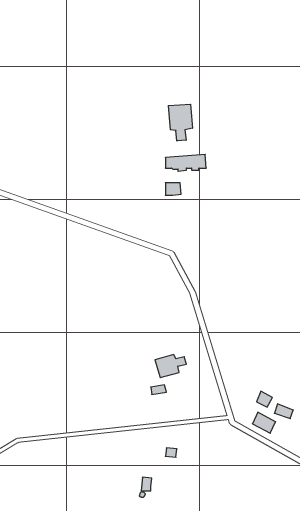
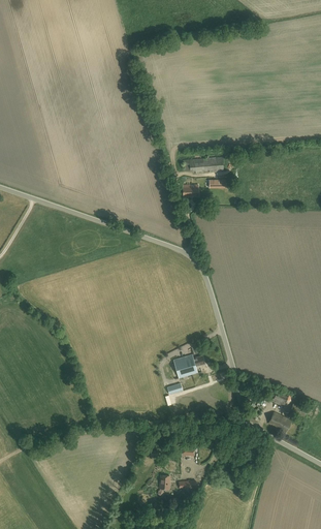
building: [168,104,192,141] -> none

